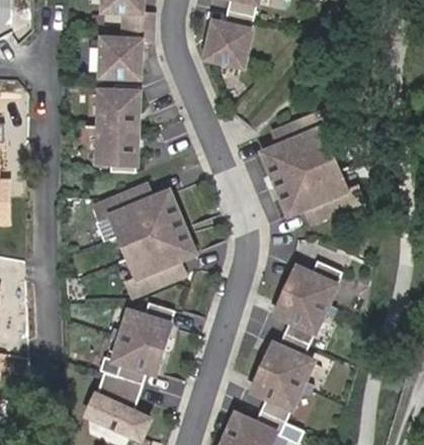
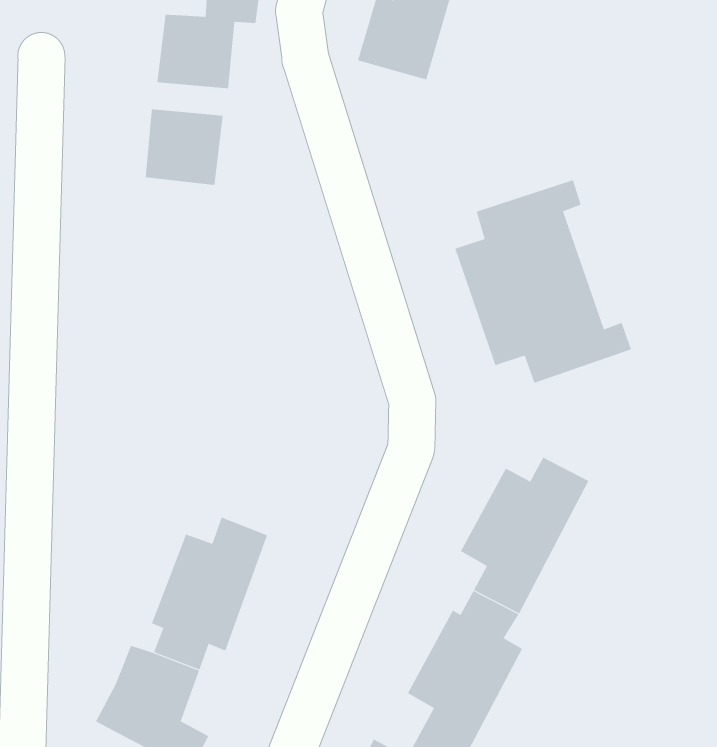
building: [95,125,134,164] -> none
building: [95,185,192,294] -> none

